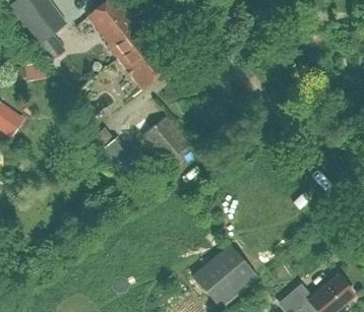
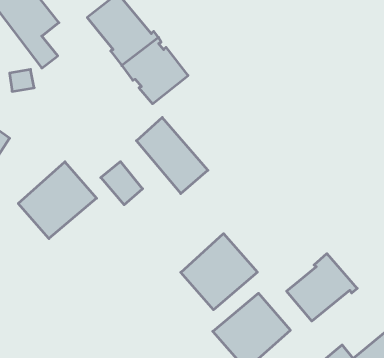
building: none -> [18,162,97,239]
building: none -> [181,234,257,310]
building: none -> [287,254,357,321]

